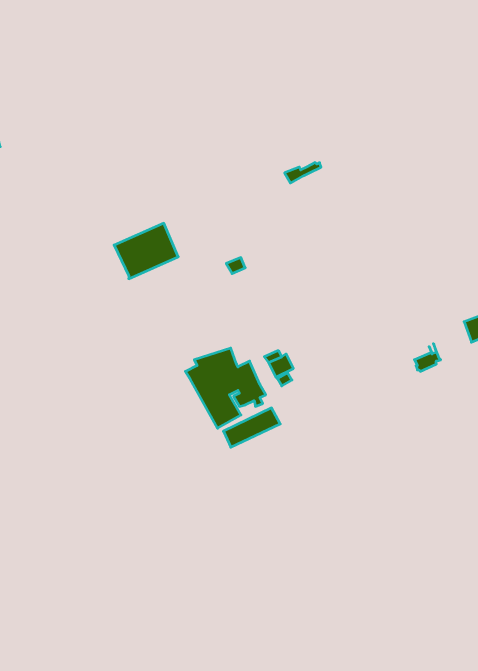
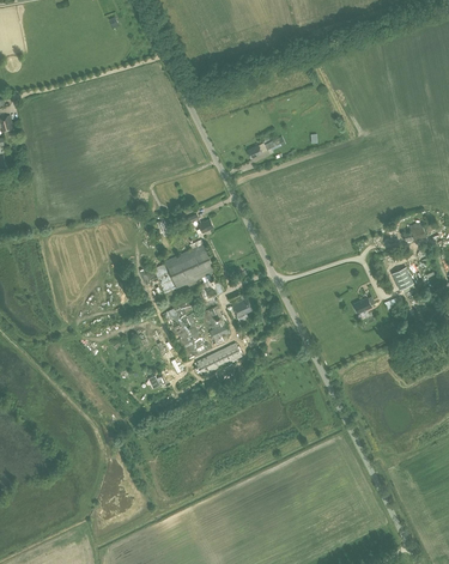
building: [114,223,178,279] -> [163,243,216,289]

